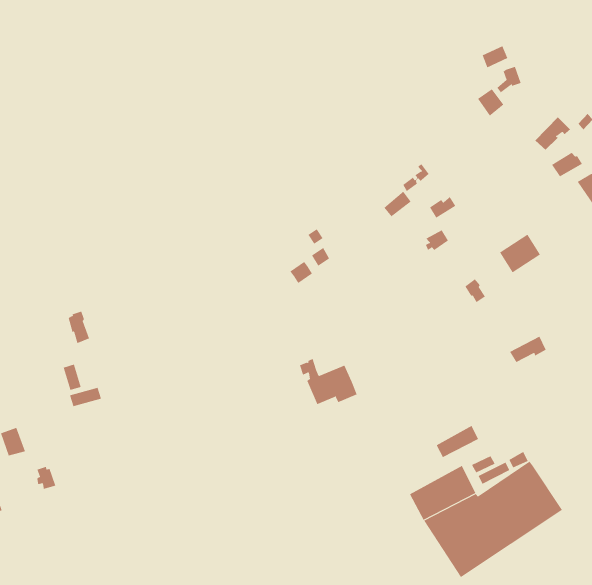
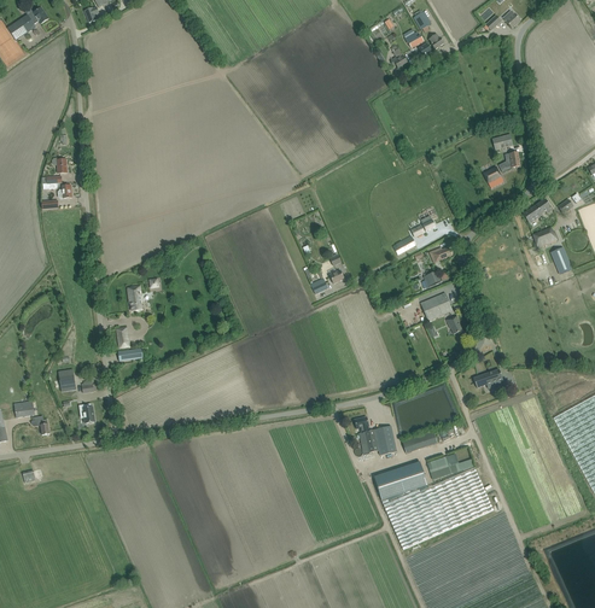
building: [499,234,541,273] -> [420,291,453,320]
building: [299,358,358,405] -> [355,415,397,454]

